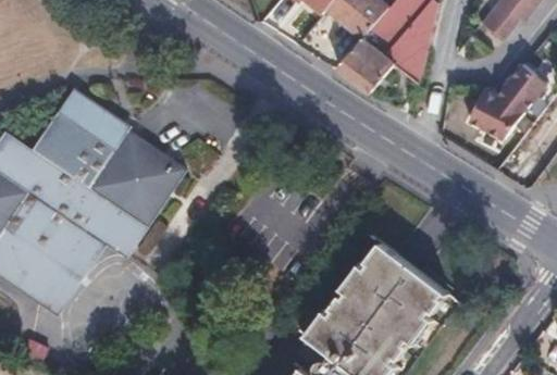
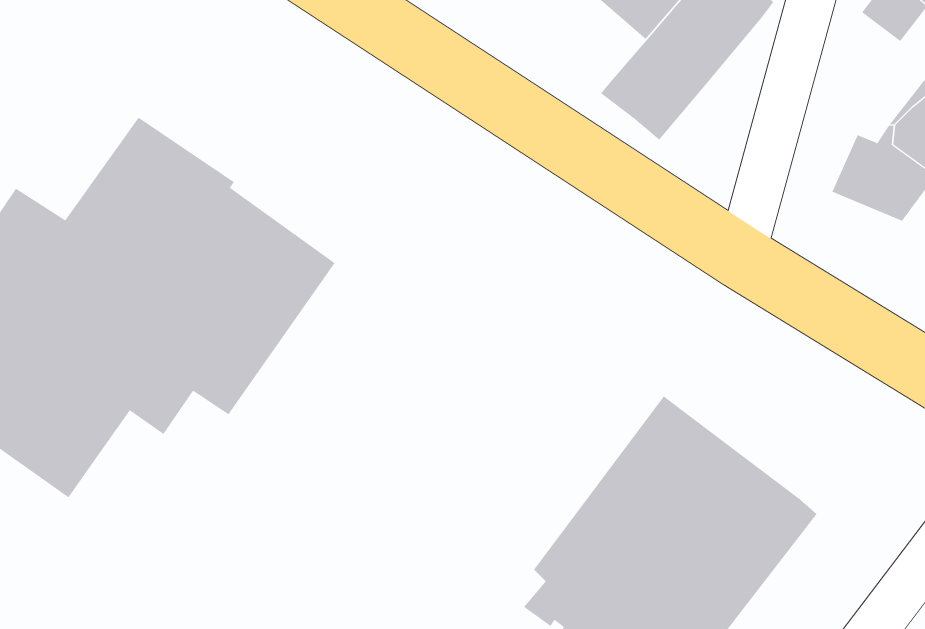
building: [393,30,430,88] -> none
building: [44,247,96,308] -> none

